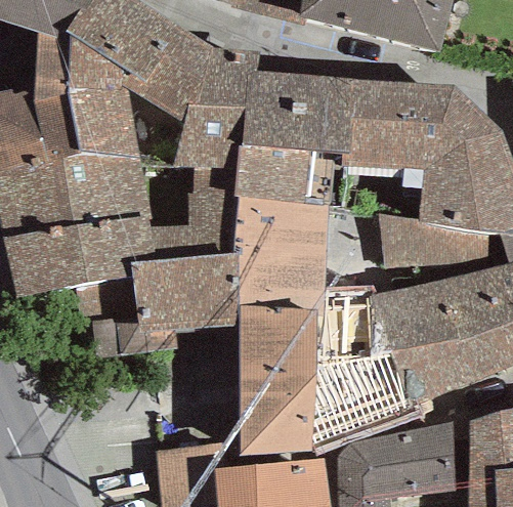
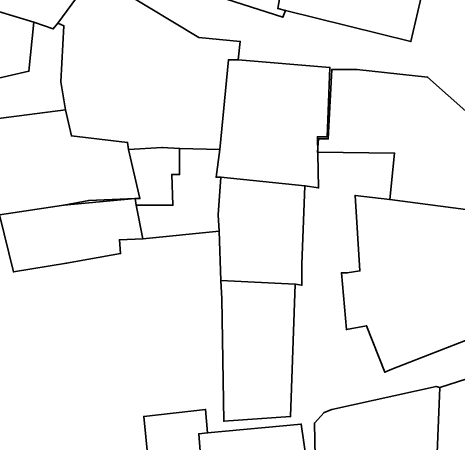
building: [75,254,240,358] -> none
building: [312,288,424,451] -> none

